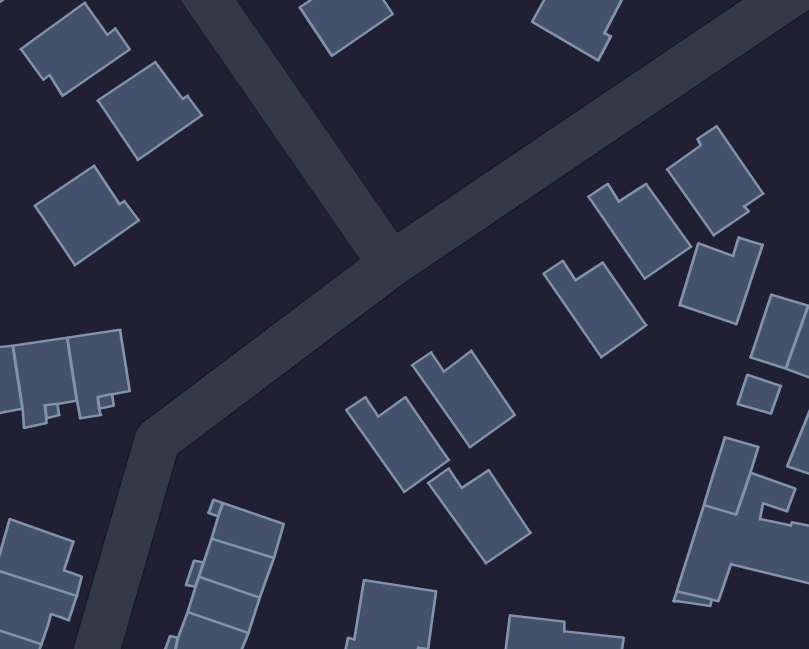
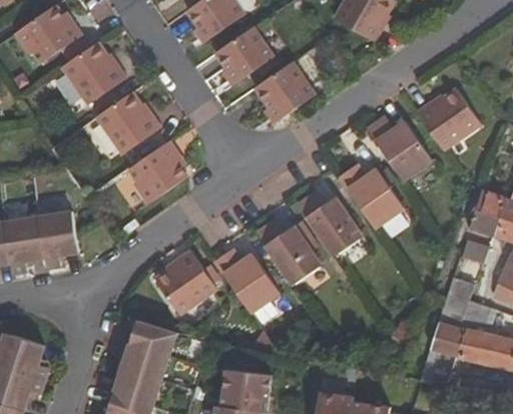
building: none -> [216,27,274,82]
building: none -> [254,61,315,119]
building: [35,166,139,265] -> [95,93,160,155]
building: none -> [130,141,188,205]
building: [680,237,763,324] -> none
building: none -> [153,252,218,312]
building: [428,469,531,563] -> [298,196,362,256]

